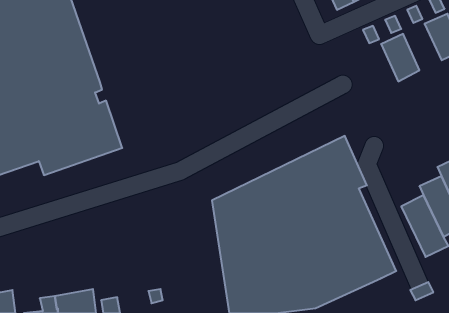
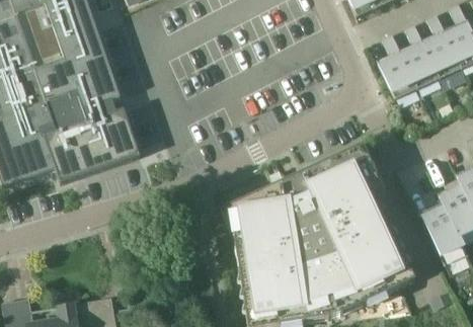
building: none -> [422,30,461,77]
building: none -> [377,51,417,98]

